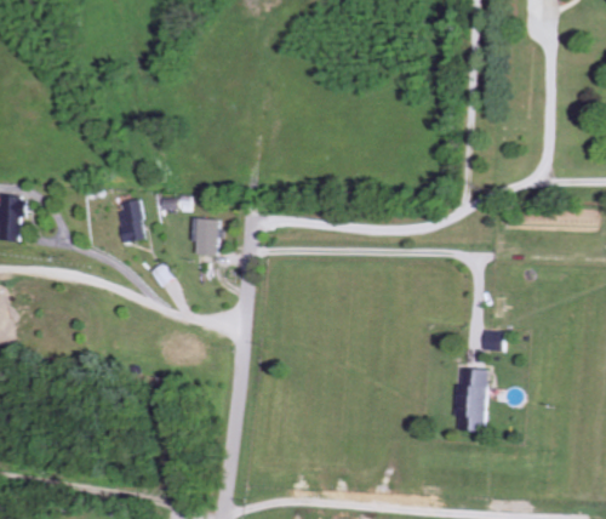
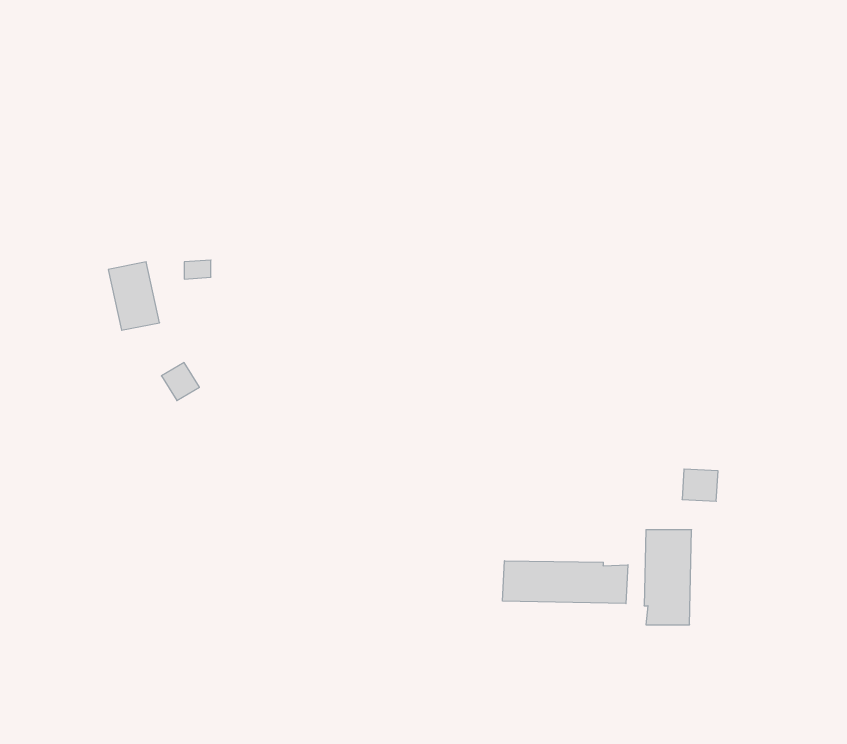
building: [194,217,222,255] -> none
building: none -> [503,561,628,604]

